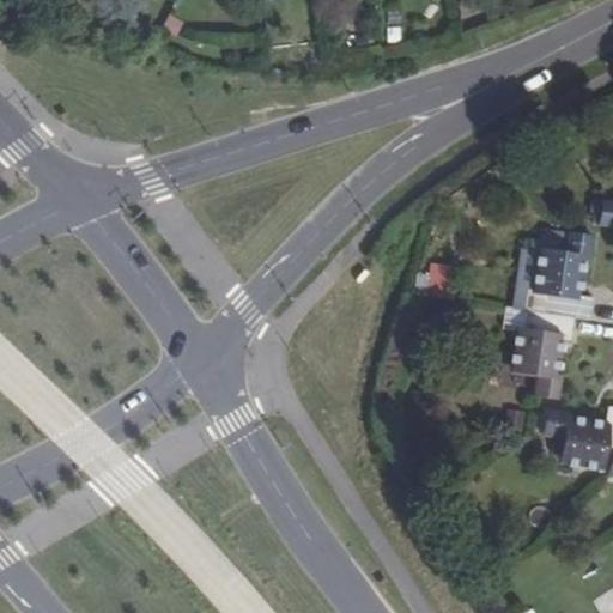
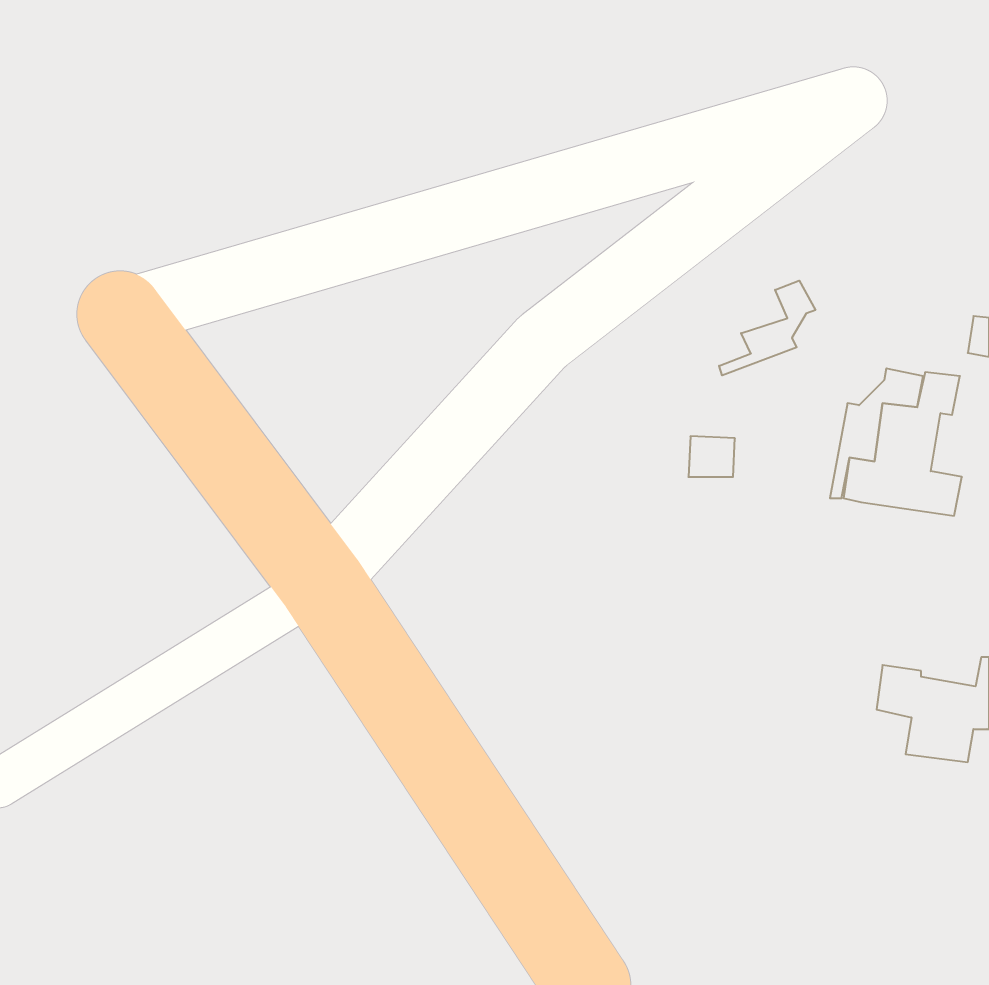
building: none -> [719,281,815,375]
building: [515,310,572,397] -> none

